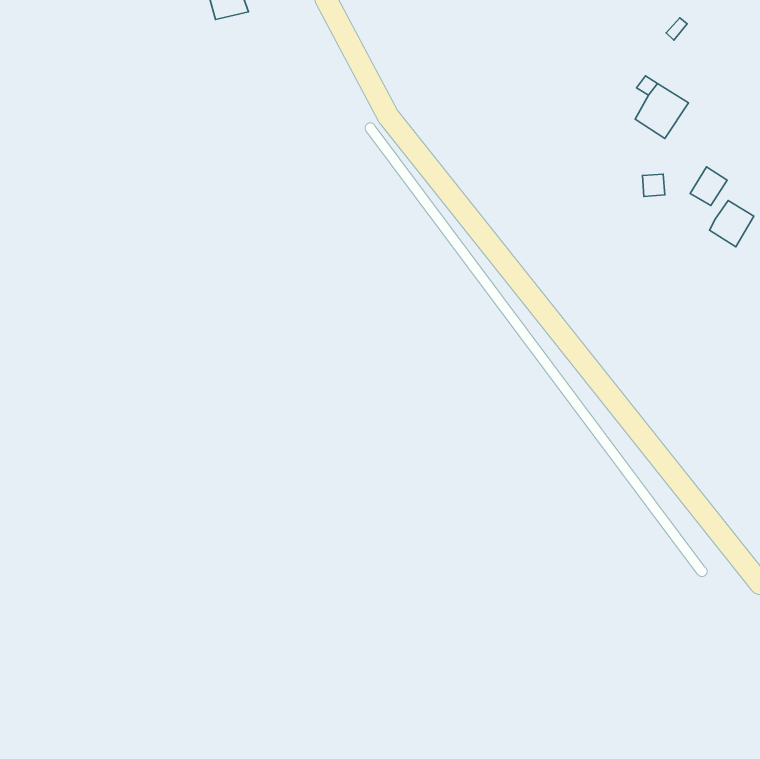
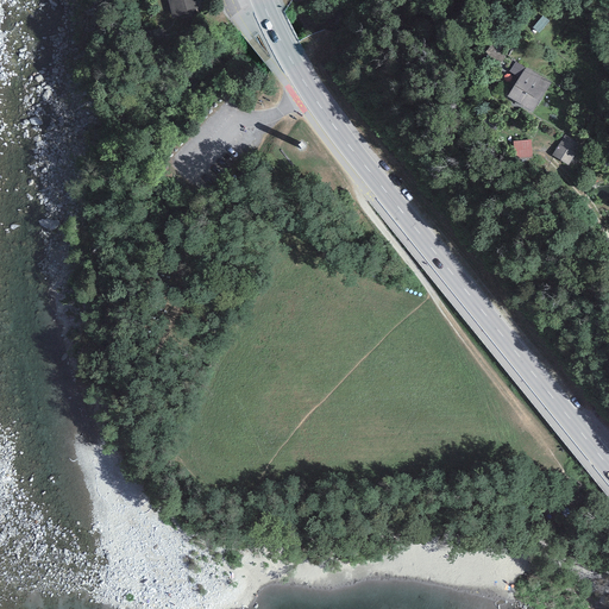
building: [709,201,754,247] -> none

